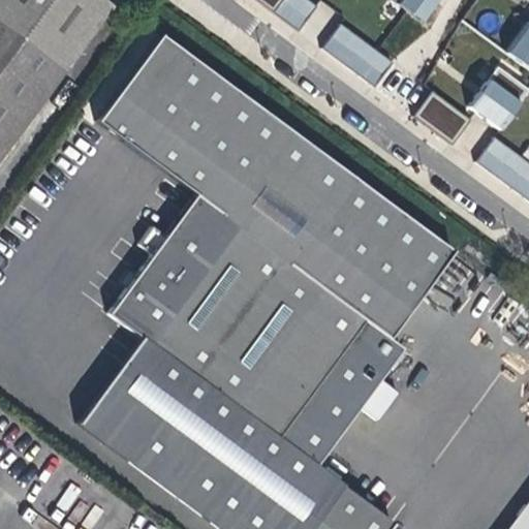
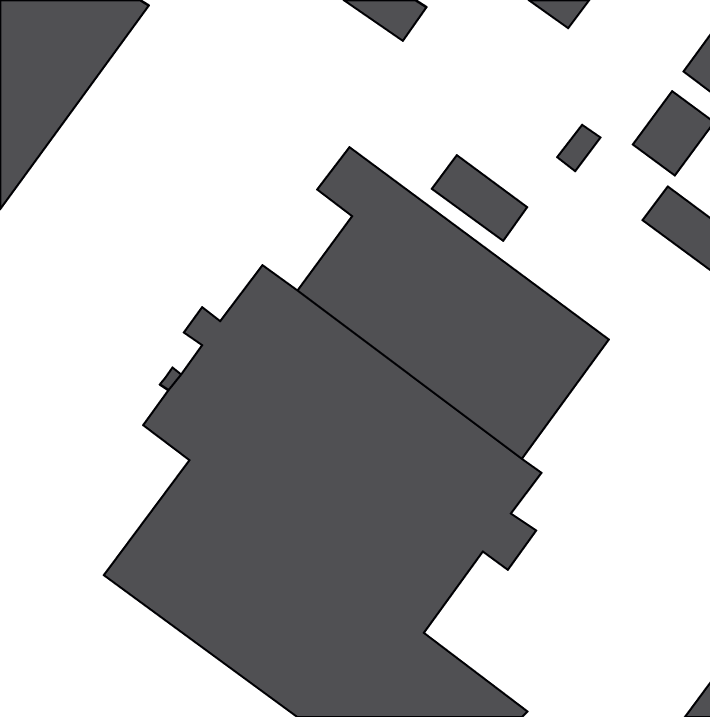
building: [324,24,395,87] -> [432,155,527,241]
building: [99,35,264,214] -> none
building: [429,101,472,145] -> none

